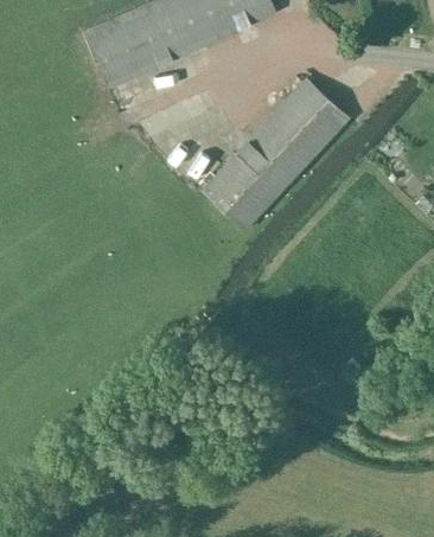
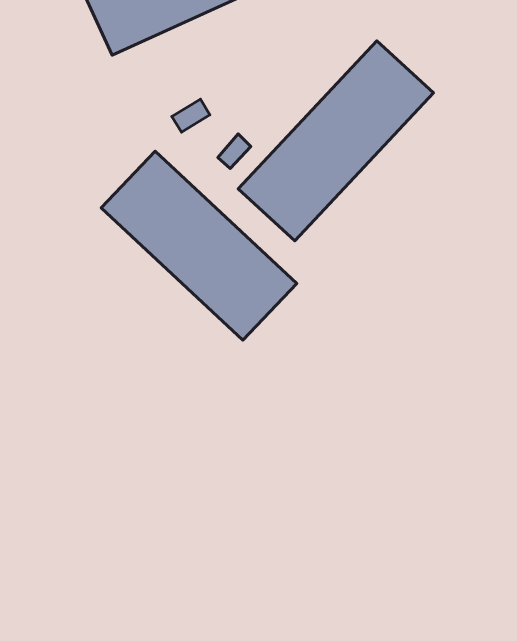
building: none -> [101,151,297,340]

